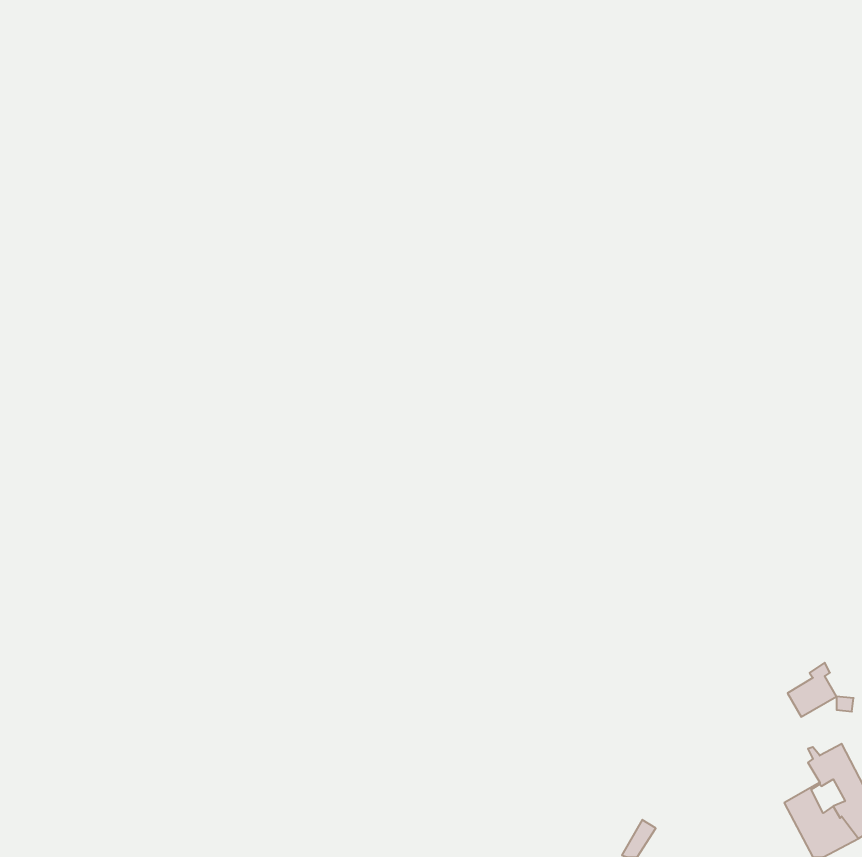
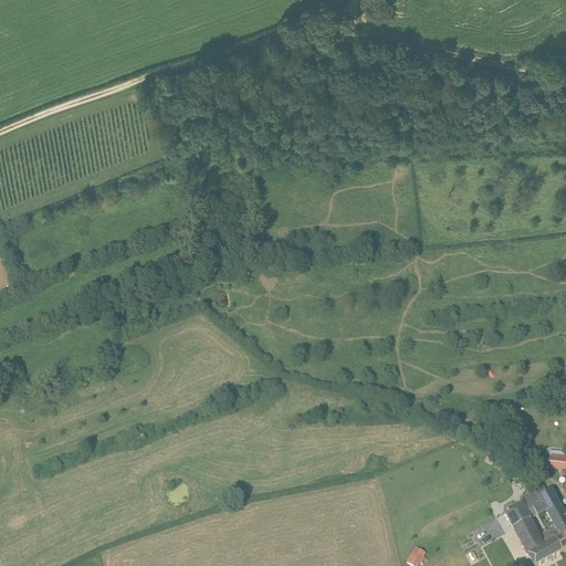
building: [788,663,837,717] -> [505,490,537,525]

